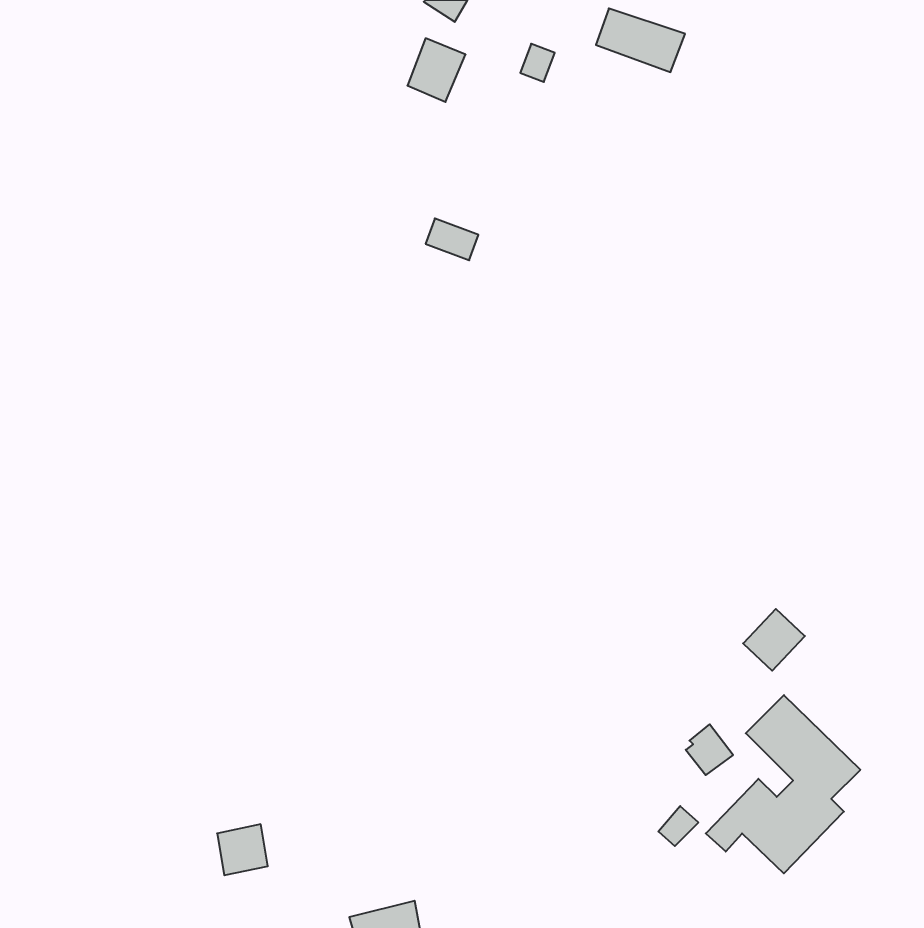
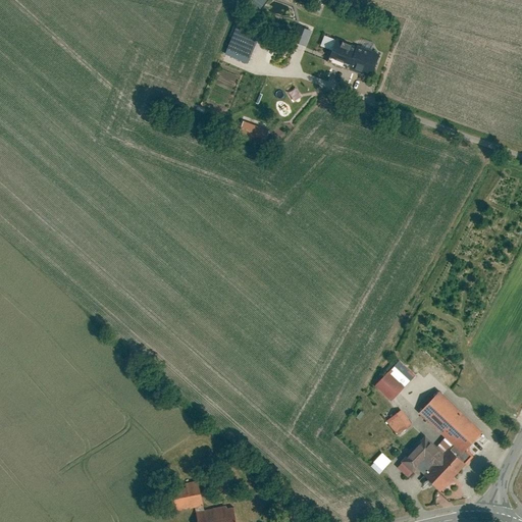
building: [596,8,685,72] -> [329,40,379,75]
building: [743,609,805,671] -> [374,367,409,402]
building: [217,824,268,875] -> [173,482,202,511]

